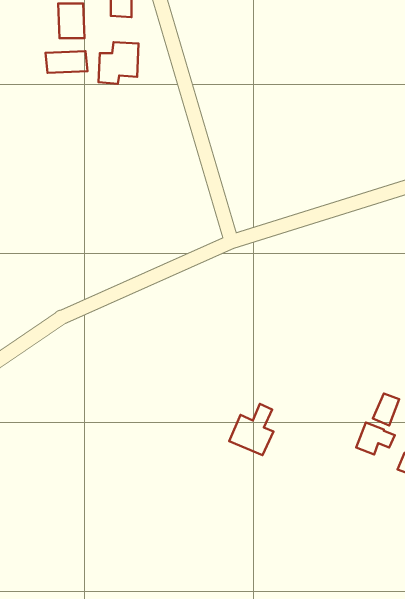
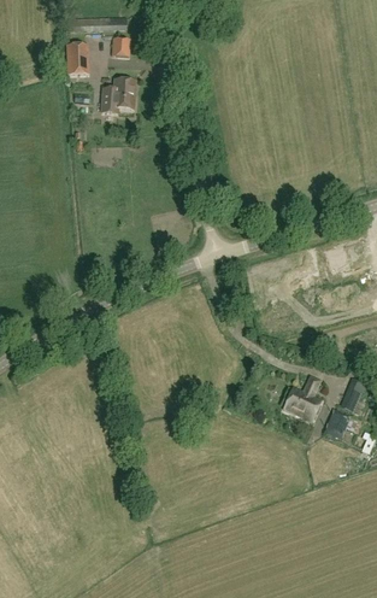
building: [46,51,87,73] -> none
building: [229,404,274,455] -> [283,375,322,420]

